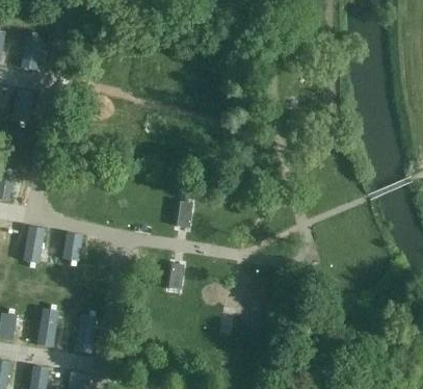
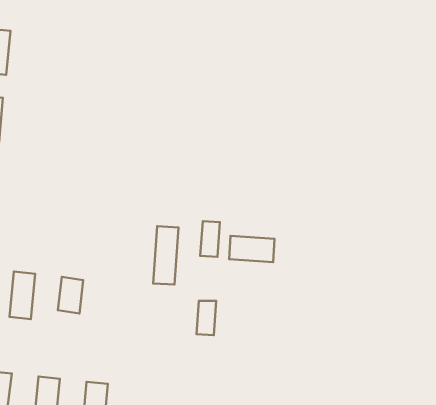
building: none -> [153,226,178,285]
building: none -> [229,236,274,262]

